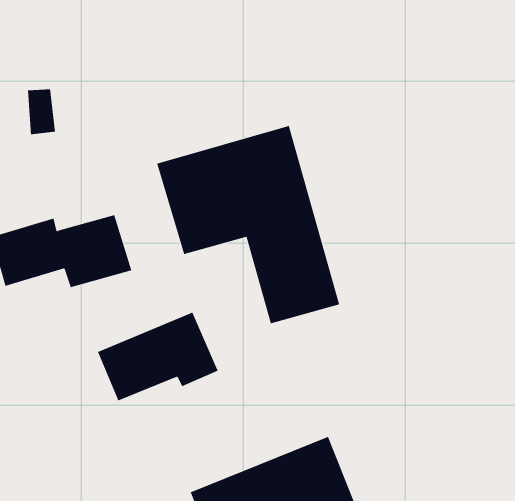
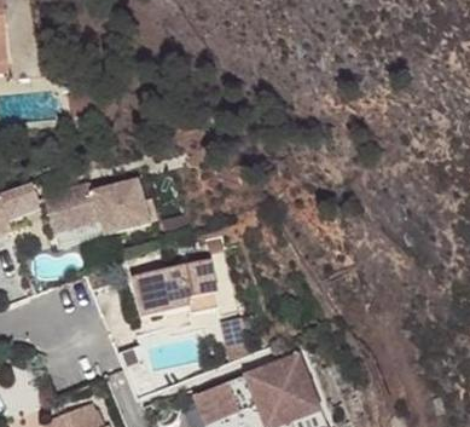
building: [157,125,340,324] -> none

